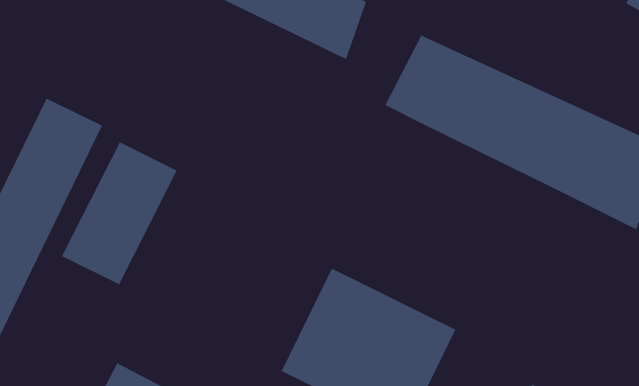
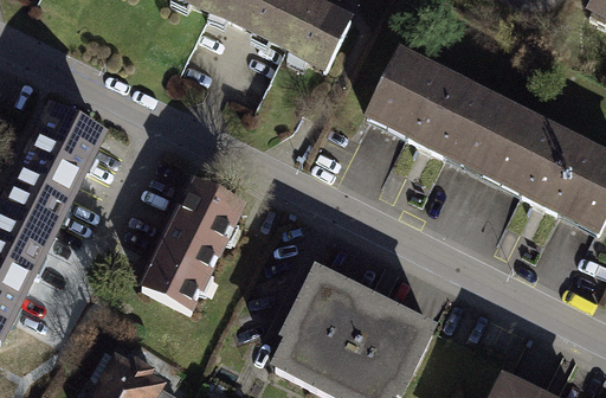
building: [61,141,177,285] -> [137,178,246,313]

